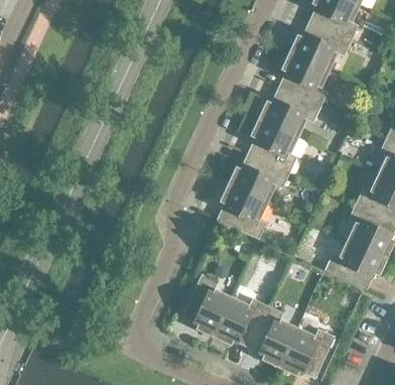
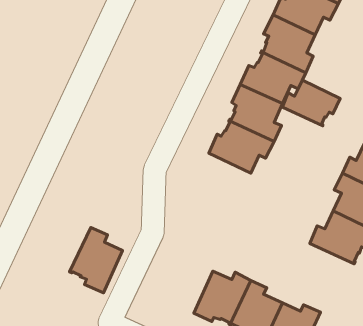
building: none -> [282,80,340,126]
building: [216,183,267,239] -> none
building: [180,274,231,337] -> [70,227,122,293]

